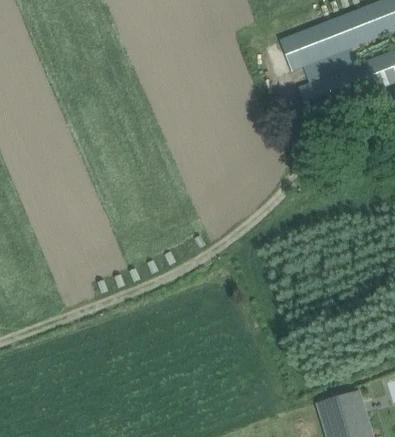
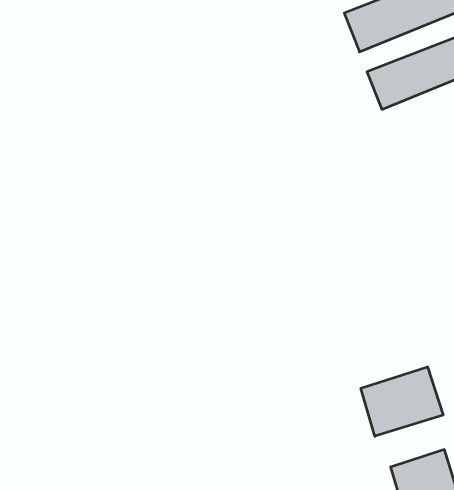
building: none -> [361,367,443,436]

